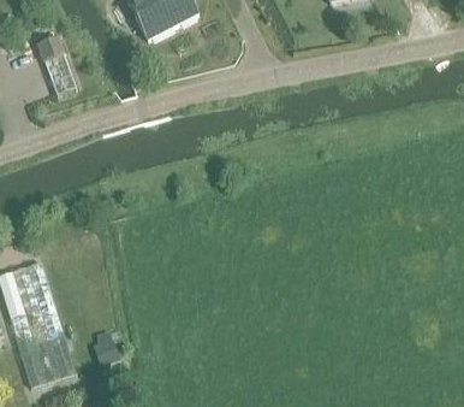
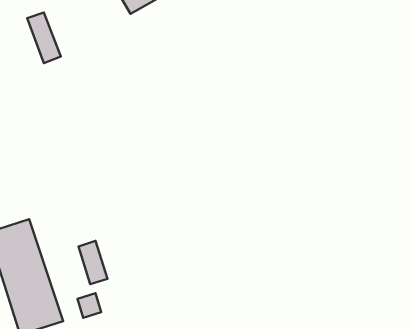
building: none -> [79,241,108,284]

